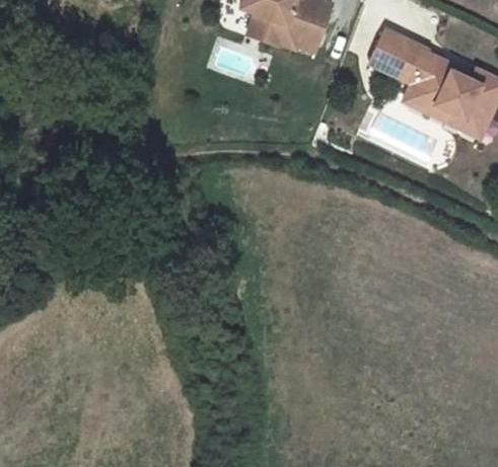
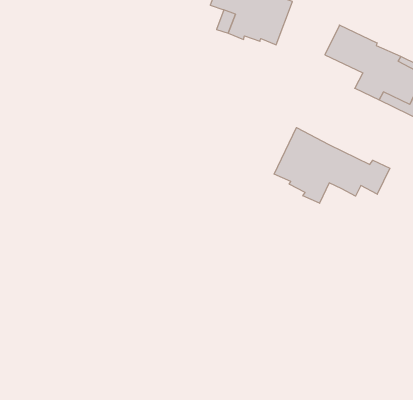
building: none -> [274,128,390,203]

